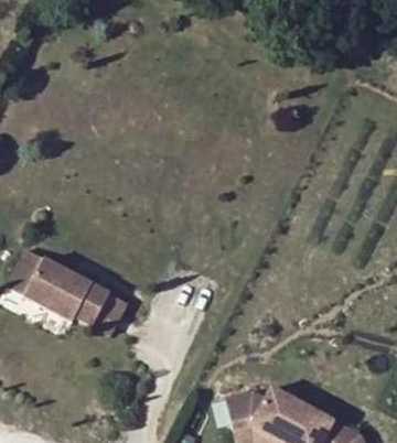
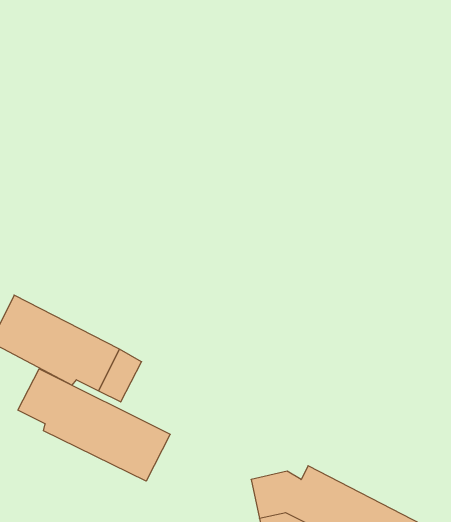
building: none -> [18,369,170,481]

